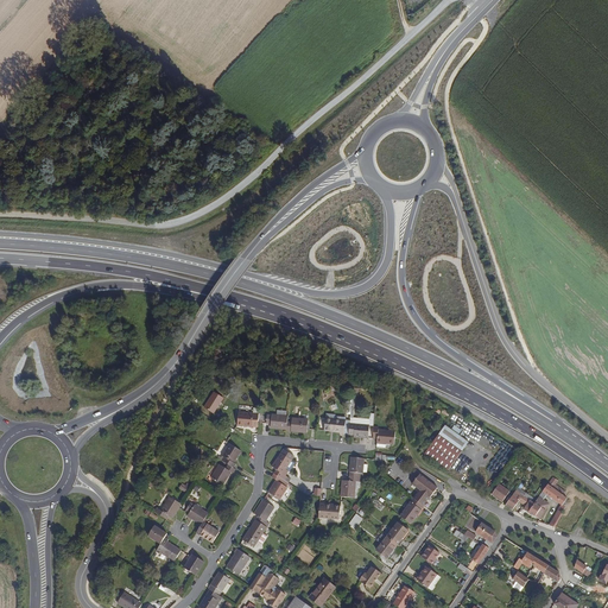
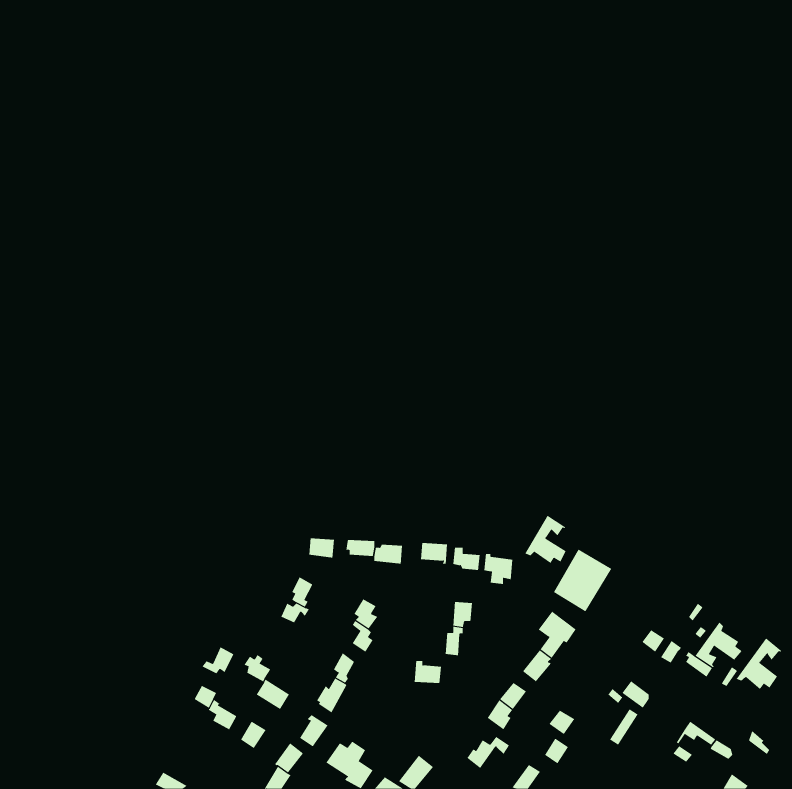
building: none -> [524,515,566,564]
building: none -> [736,638,782,690]

